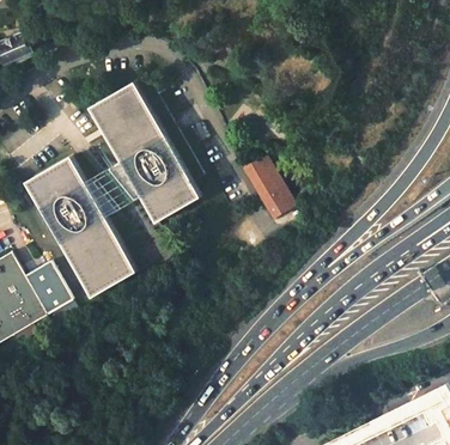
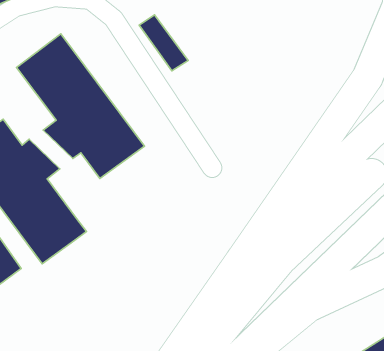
building: [245,165,288,220] -> [139,15,188,71]

